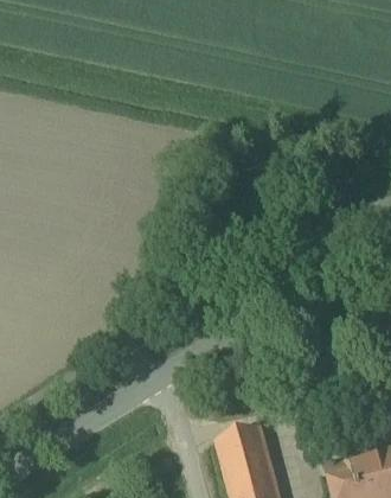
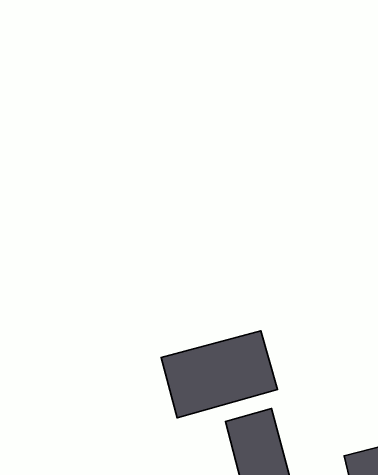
building: none -> [161,331,278,418]

